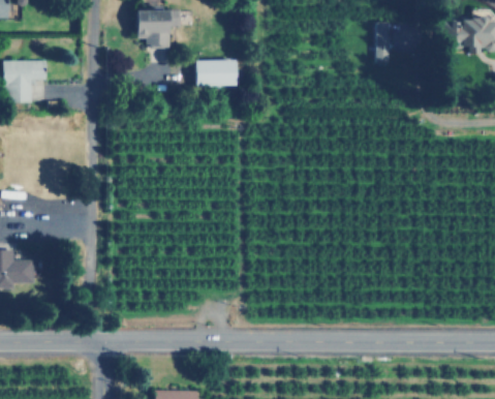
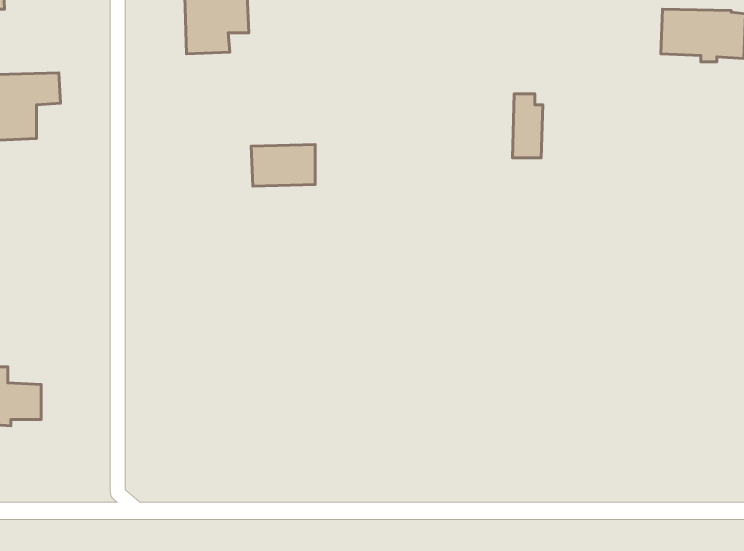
building: [376,21,396,62] -> [512,94,543,158]
building: [202,59,243,86] -> [251,145,315,186]

